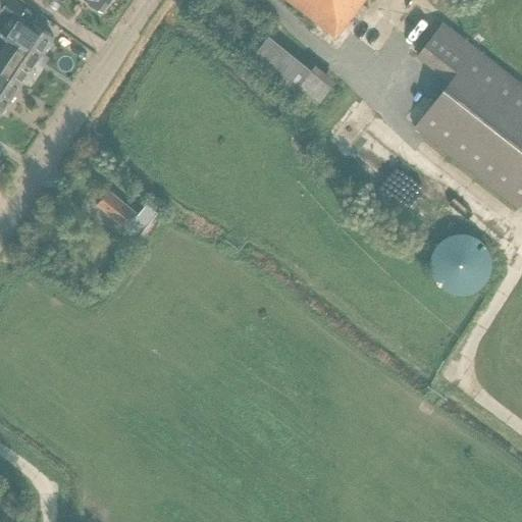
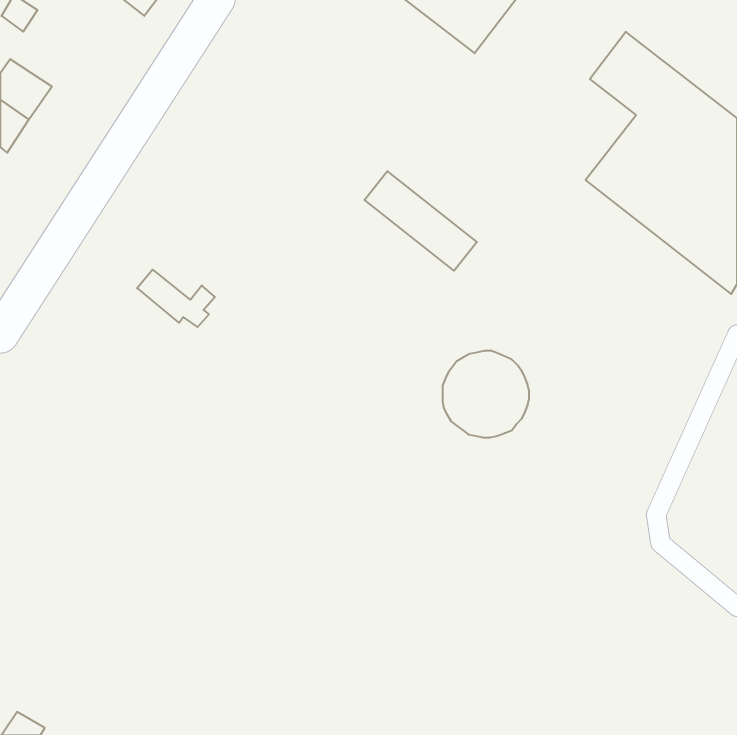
building: [7,18,53,61] -> none
building: [252,36,331,106] -> [364,171,477,271]
building: [431,233,492,295] -> [443,351,529,437]

